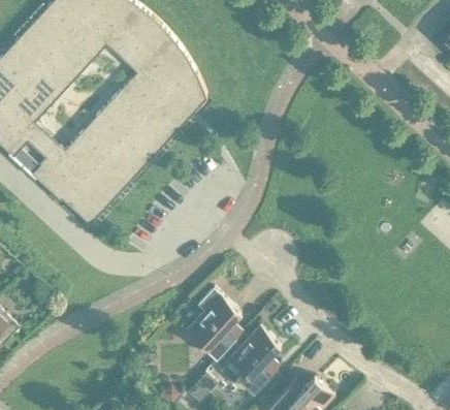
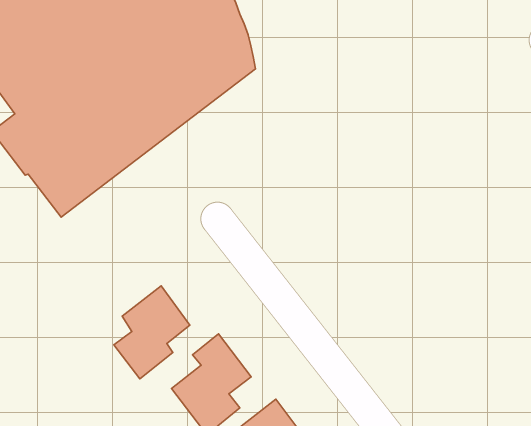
building: none -> [114,286,190,379]

